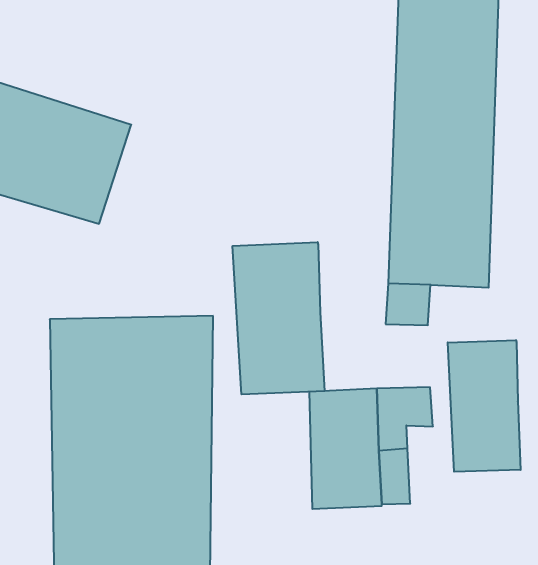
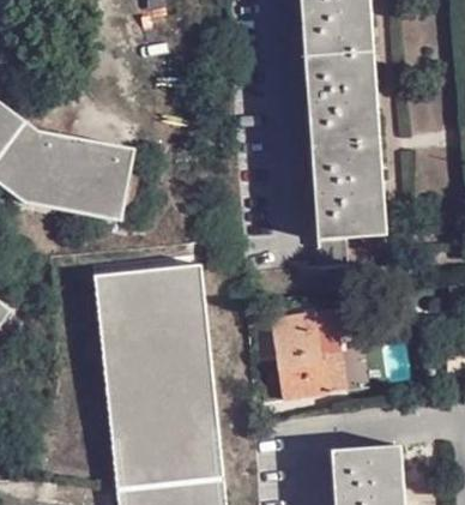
building: [233,242,325,394] -> none
building: [448,340,521,472] -> none

